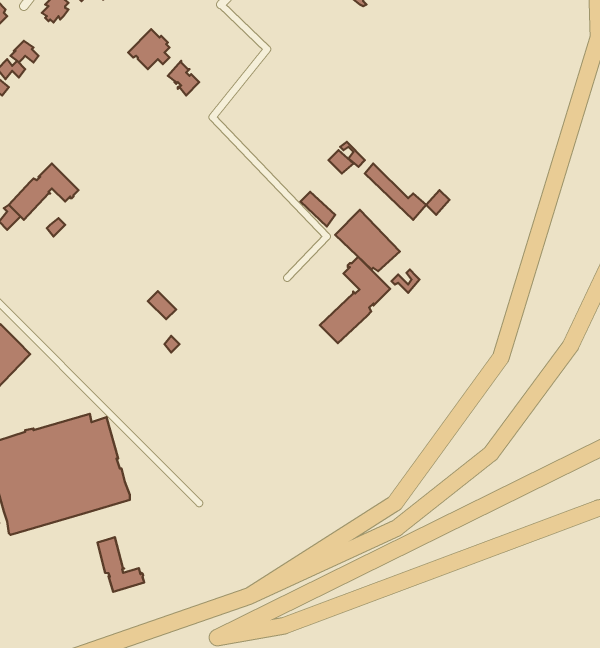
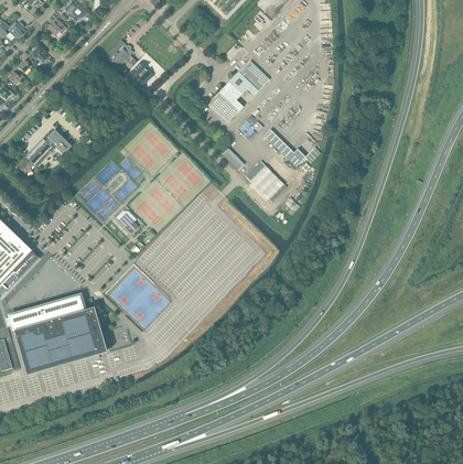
building: none -> [207,60,268,121]
building: [320,257,390,343] -> none
building: [97,537,144,592] -> none

